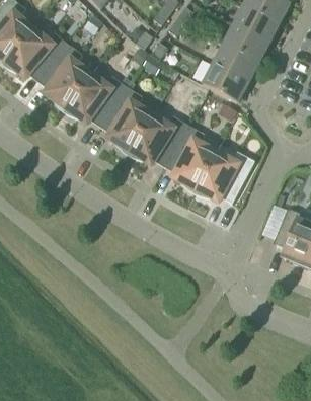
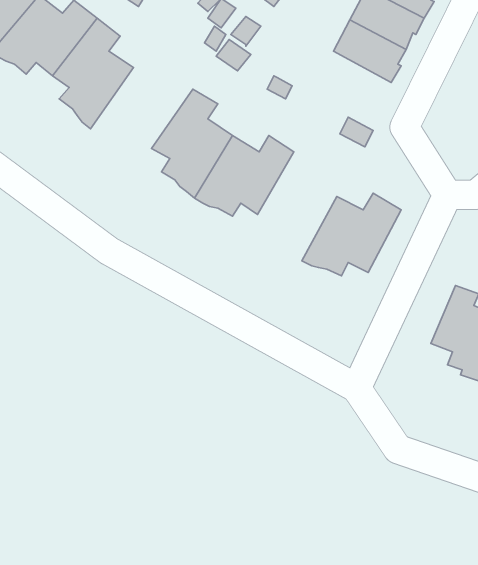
building: [202,63,248,101] -> none
building: [64,73,127,123] -> none
building: [166,125,215,191] -> none

